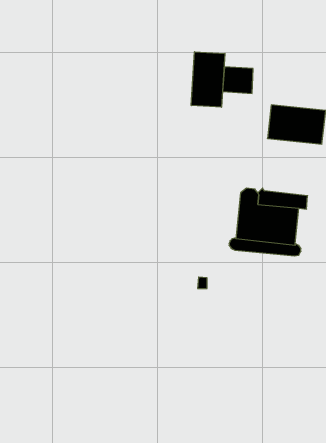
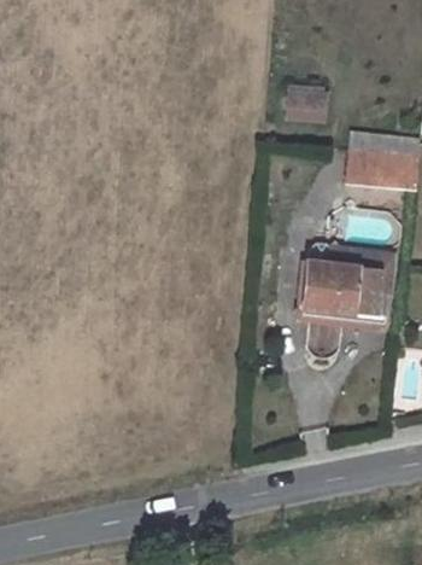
building: [191,52,225,107] -> none

